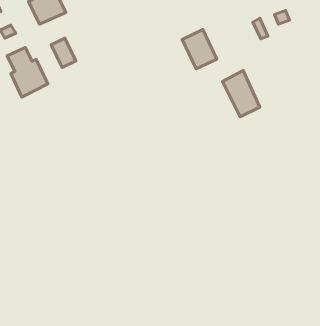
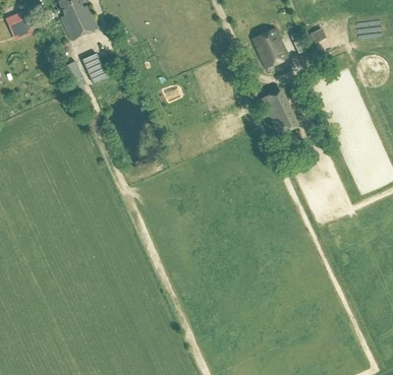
building: [182,30,217,69] -> [252,28,288,69]
building: [7,48,48,97] -> none

